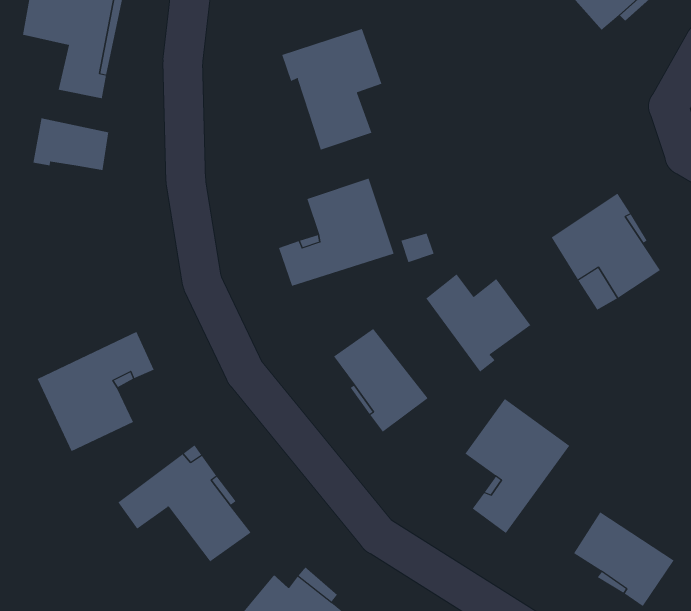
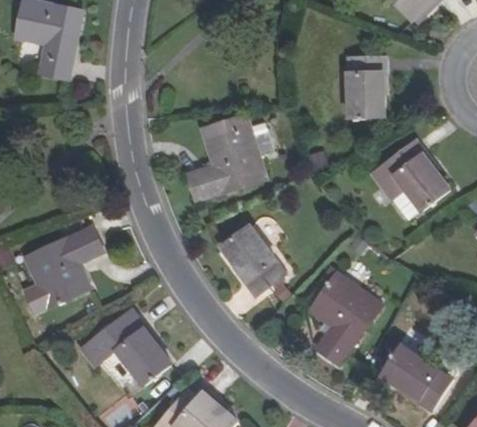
building: [282,28,382,151] -> none
building: none -> [350,56,388,116]
building: [33,118,109,171] -> none
building: [426,273,531,372] -> none

